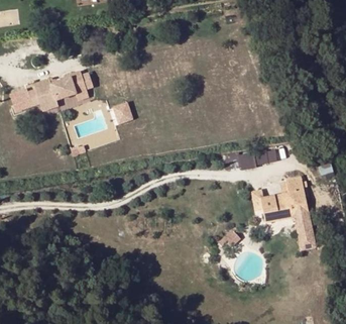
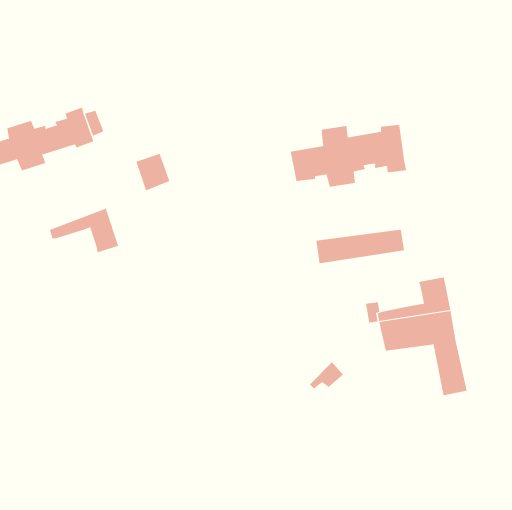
building: none -> [290,124,407,188]
building: none -> [49,208,119,253]

